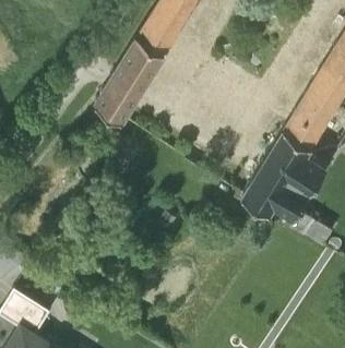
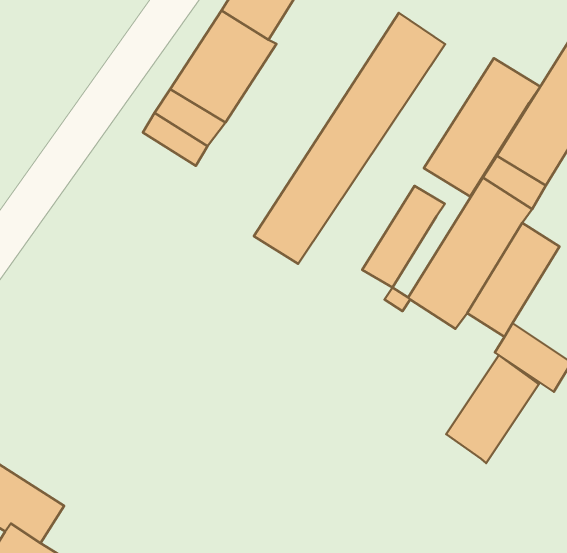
building: none -> [254,13,445,264]
building: none -> [424,58,540,197]
building: none -> [362,186,445,288]
building: none -> [446,355,539,463]

